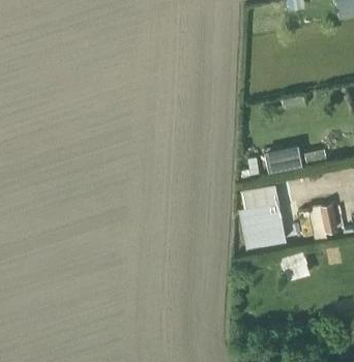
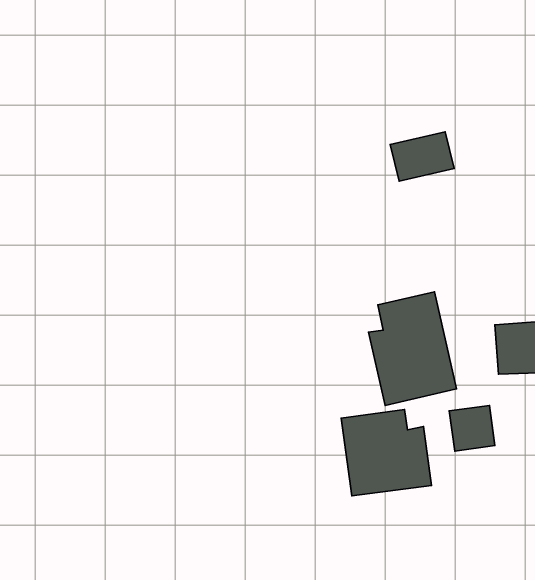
building: [265,143,301,171] -> [390,132,454,181]
building: none -> [341,409,432,496]

